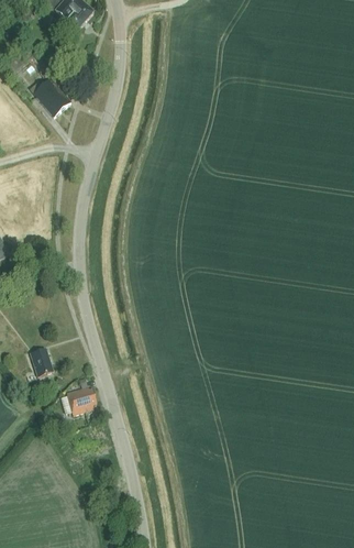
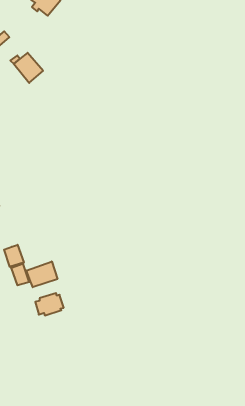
building: none -> [4,245,24,267]
building: none -> [27,261,57,287]

